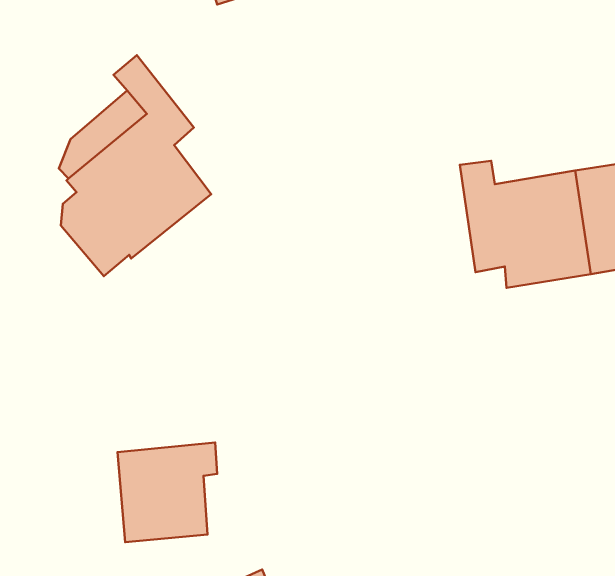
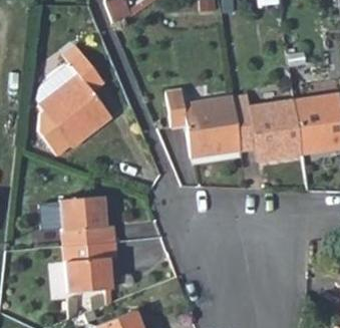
building: none -> [168,94,246,162]
building: none -> [57,196,112,247]

